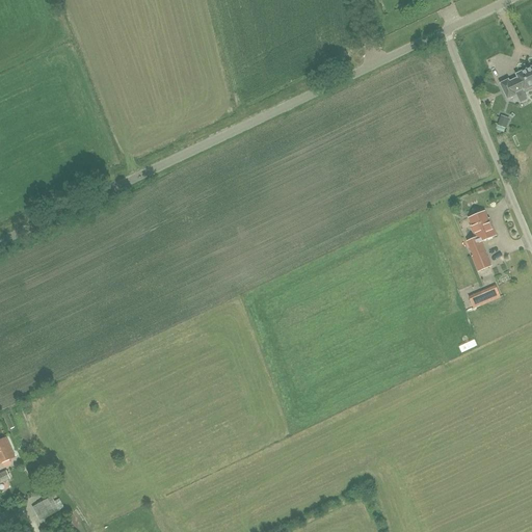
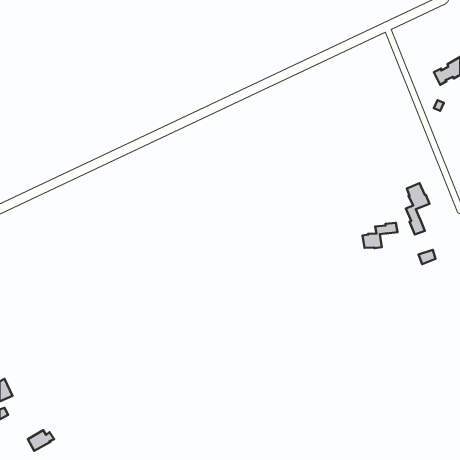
building: none -> [363,223,398,248]

